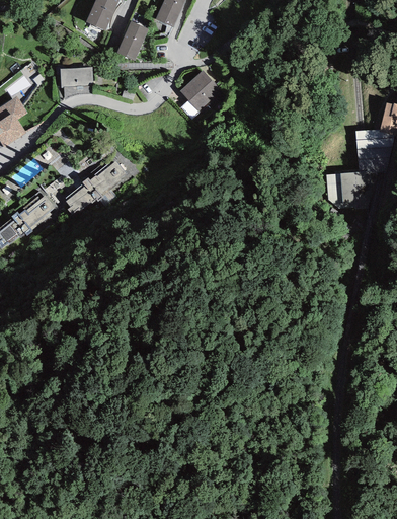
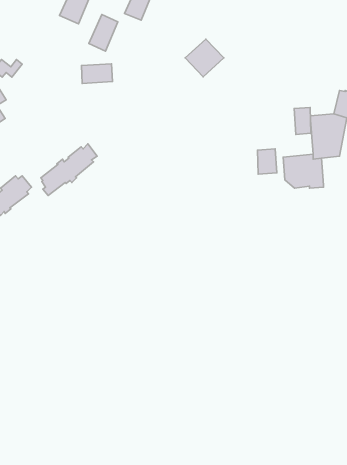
building: [60,66,93,87] -> [81,64,112,83]
building: [179,70,221,110] -> [185,39,224,77]
building: none -> [294,107,311,134]
building: none -> [258,149,277,174]

